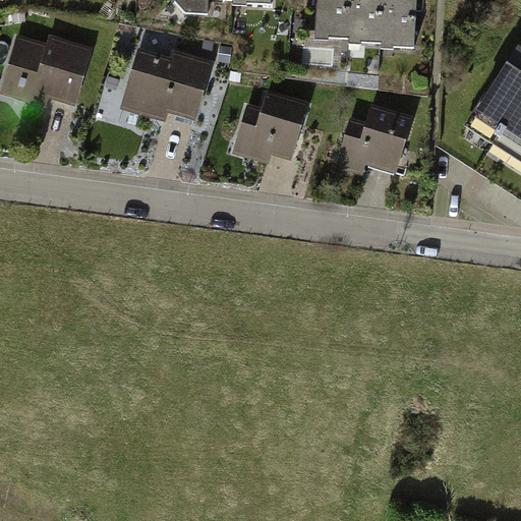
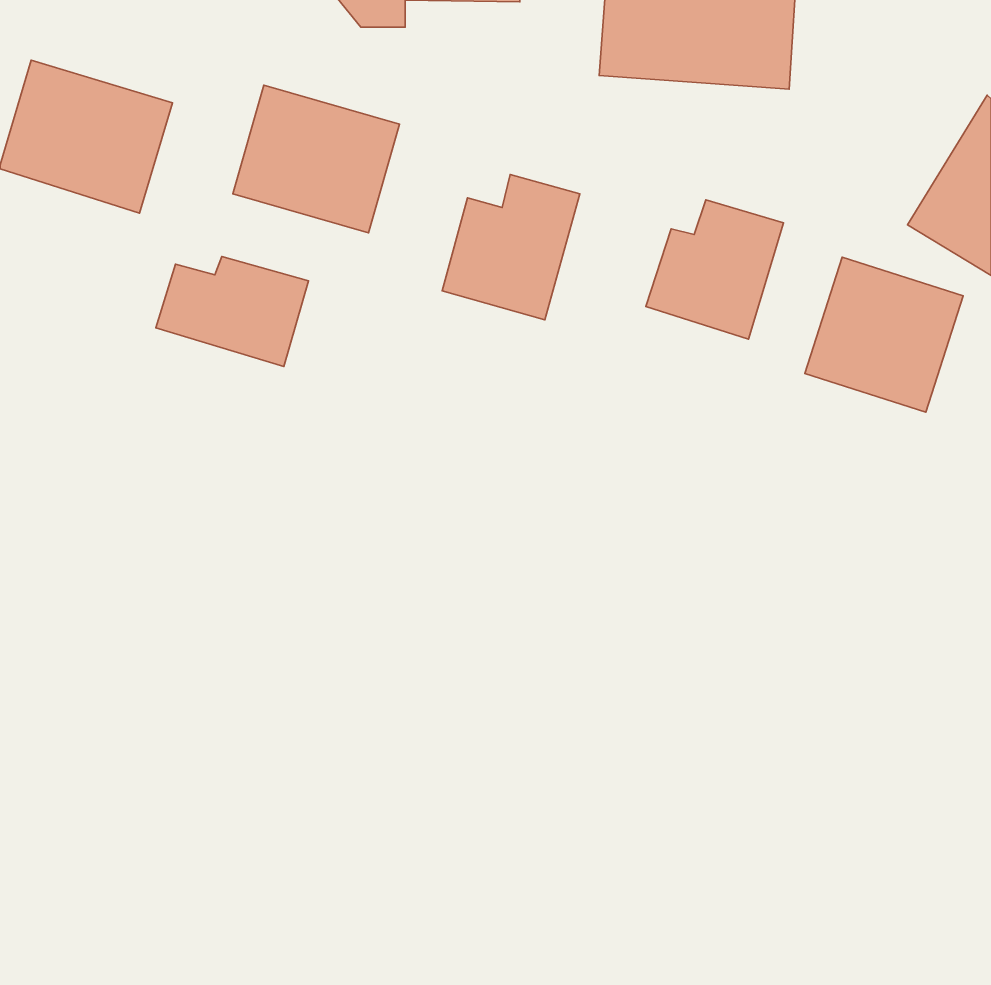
building: none -> [156,256,308,367]
building: none -> [805,257,963,412]

